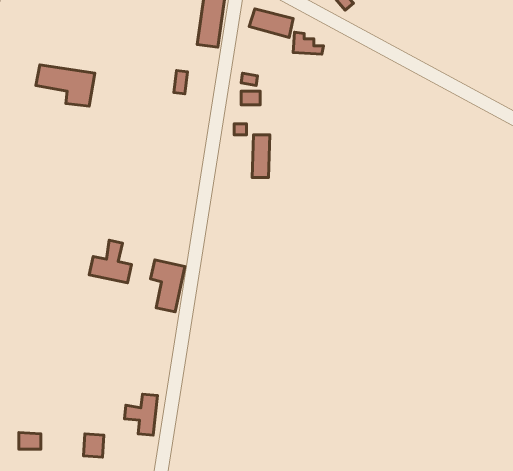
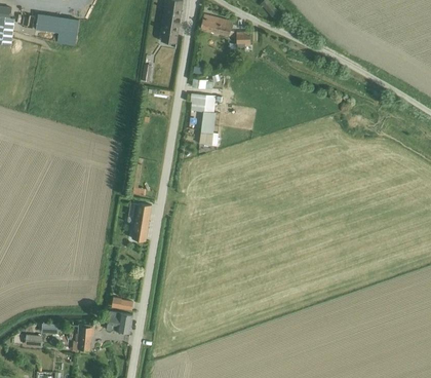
building: [36,65,95,106] -> [34,13,78,44]
building: [89,240,132,283] -> none

